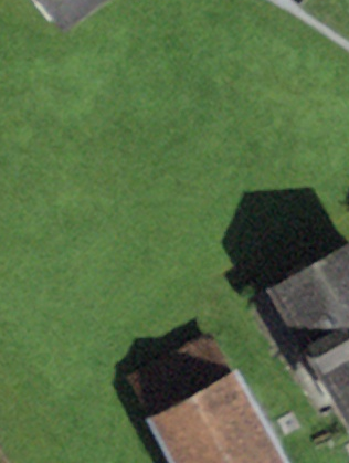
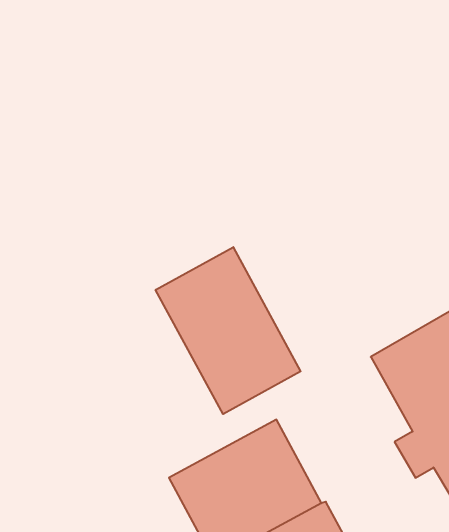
building: none -> [156,247,301,414]

